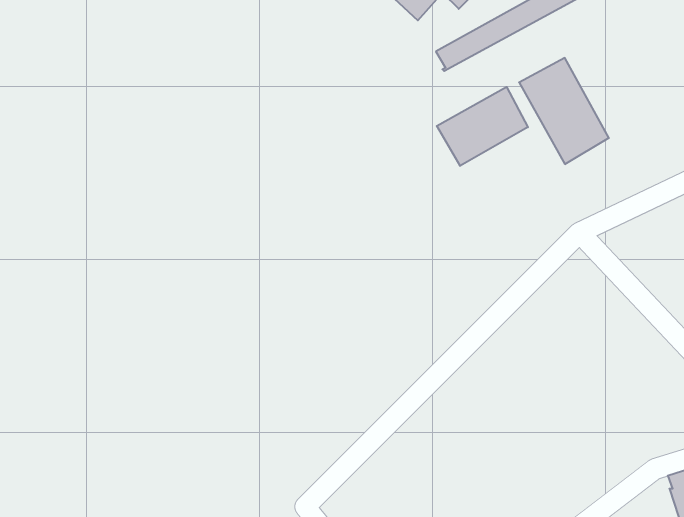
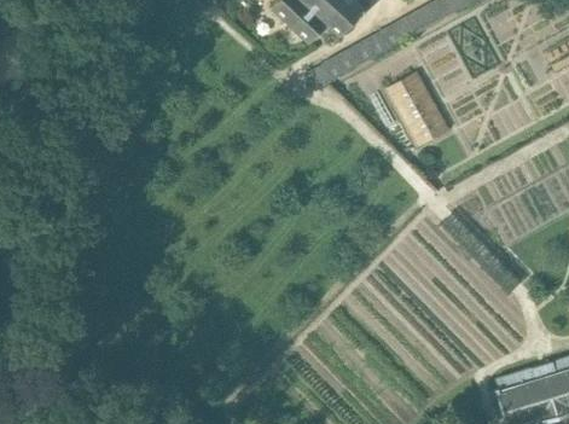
building: [437,87,528,166] -> none

